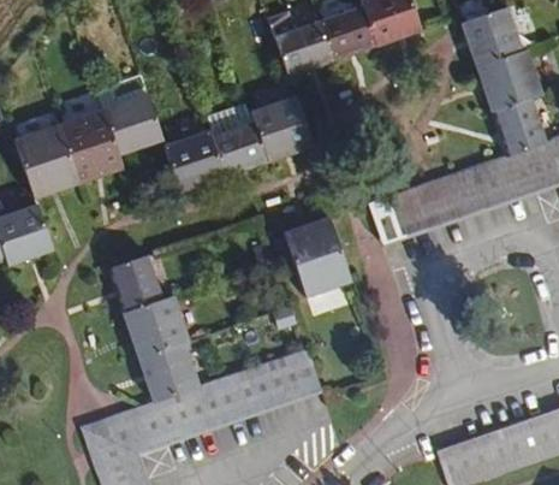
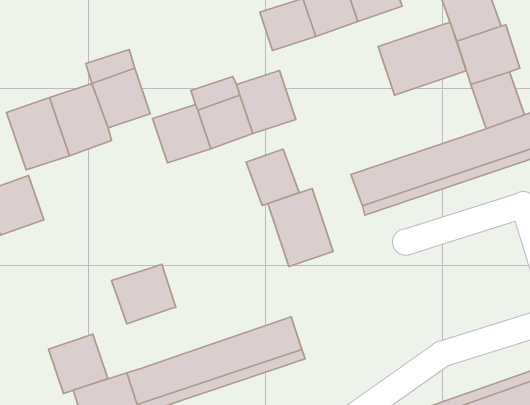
building: none -> [378,22,466,95]
building: none -> [246,149,299,206]
building: [108,254,163,312] -> none
building: [138,341,200,402] -> [48,334,108,394]

